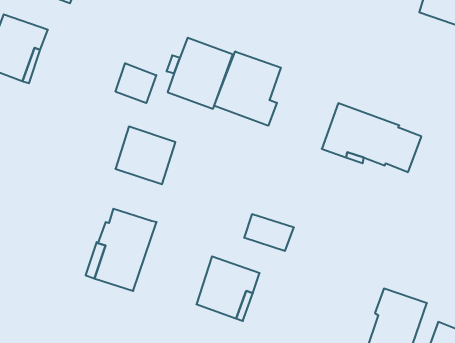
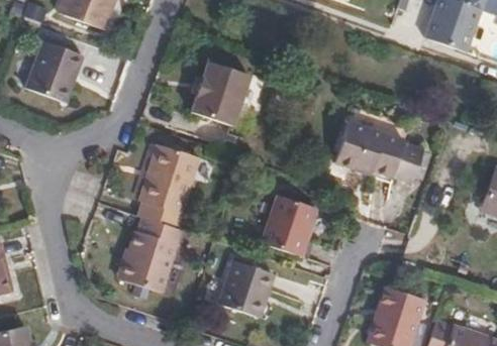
building: [214,51,281,126] -> none
building: [116,63,156,103] -> none
building: none -> [137,181,187,228]
building: none -> [269,196,315,234]

